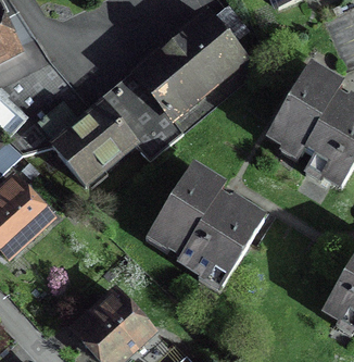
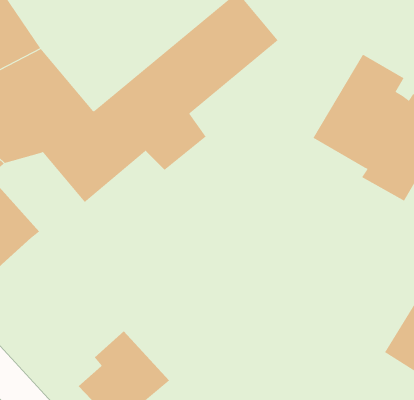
building: [150,164,267,284] -> none

